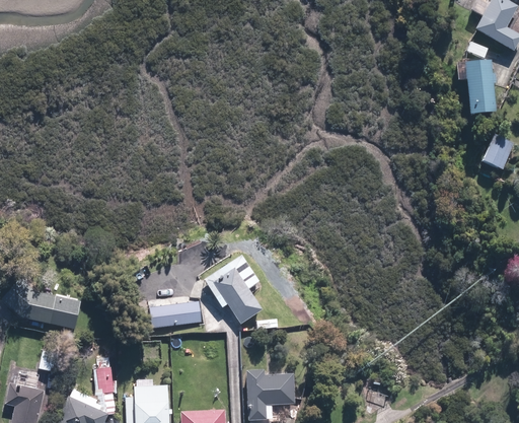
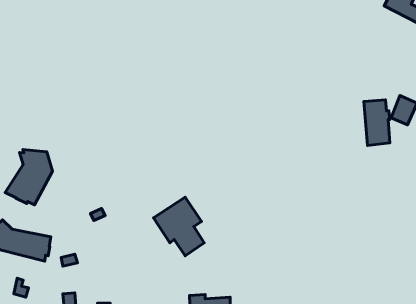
building: [465,60,496,114] -> [364,100,390,145]
building: none -> [5,150,53,205]
building: [149,301,201,328] -> none

